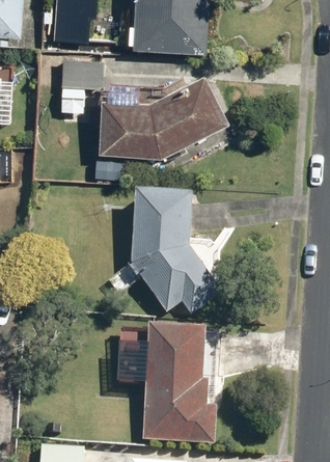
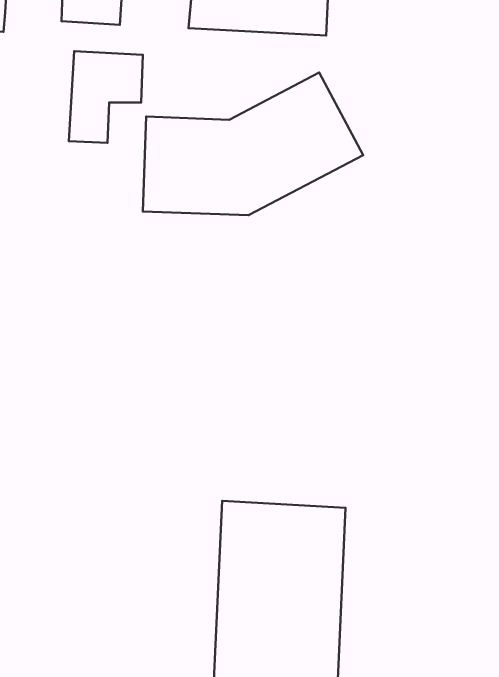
building: [132,195,214,320] -> none

